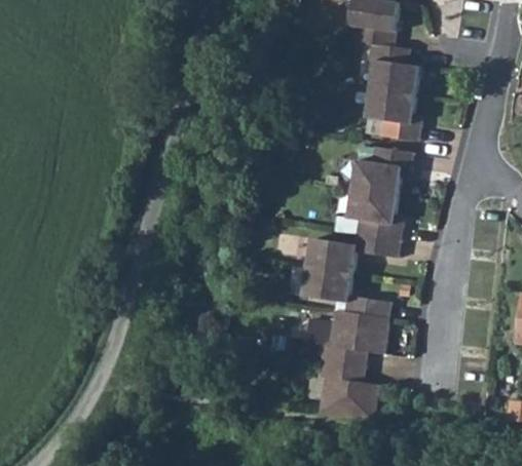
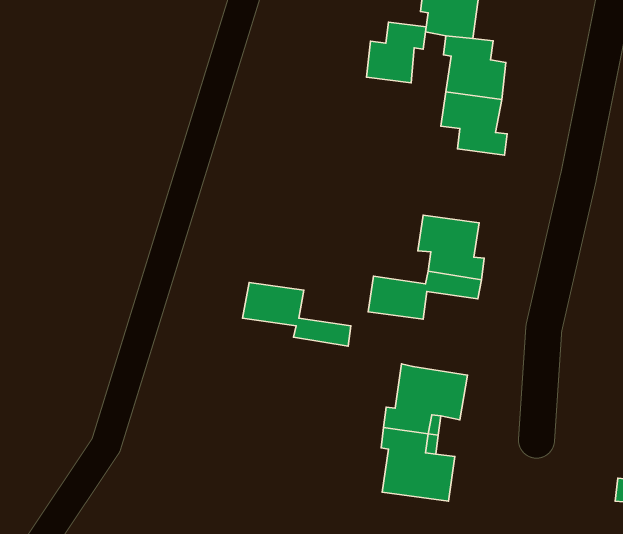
building: none -> [366,22,426,83]
building: [351,147,412,195] -> none
building: [302,267,389,318] -> [243,283,351,346]

